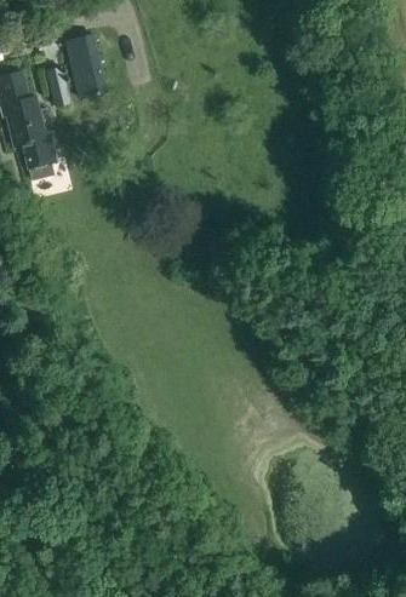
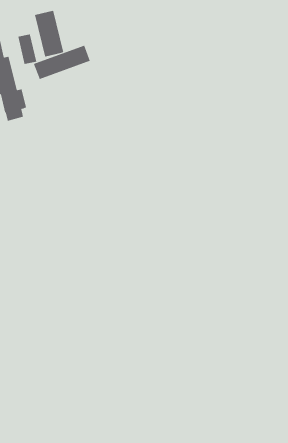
building: none -> [33,45,91,80]

